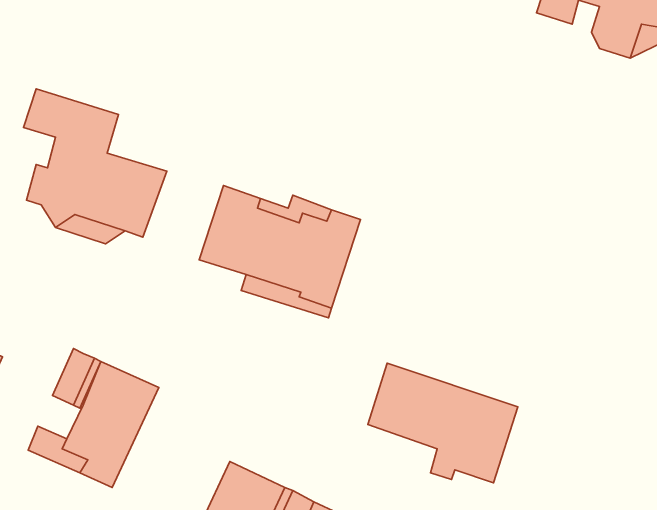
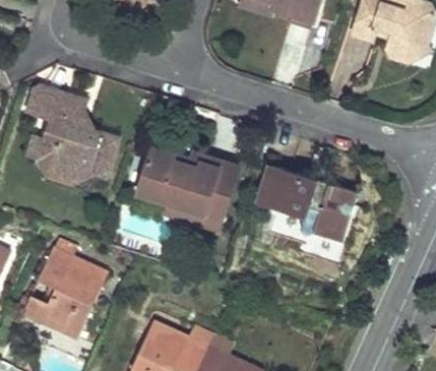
building: [368,363,518,483] -> [258,165,353,240]

